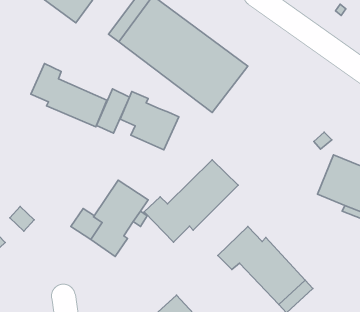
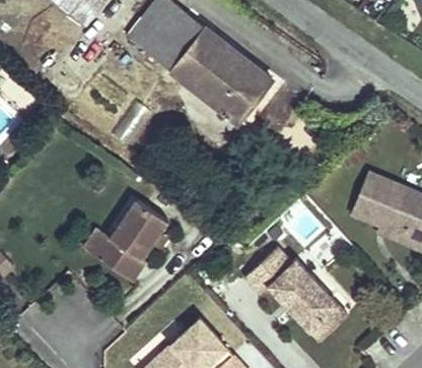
building: [31,64,107,127] -> none
building: [120,91,179,150] -> none
building: [144,160,238,242] -> none

